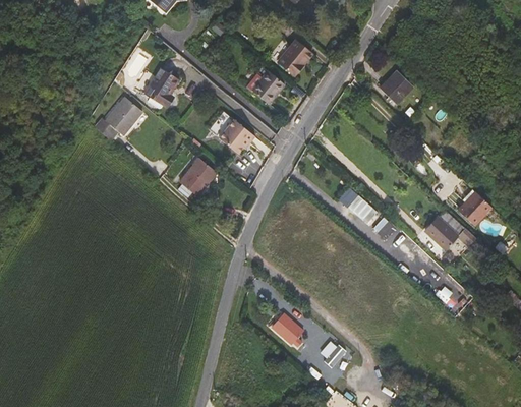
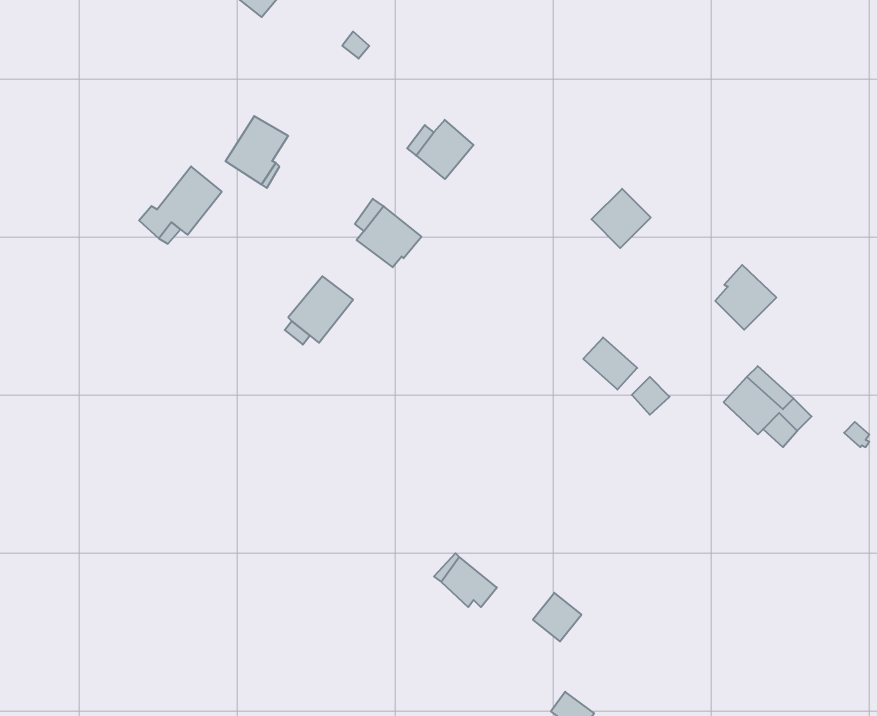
building: [277,39,311,75] -> none
building: [380,69,413,103] -> [591,189,651,248]
building: [457,188,491,225] -> [715,265,776,330]

